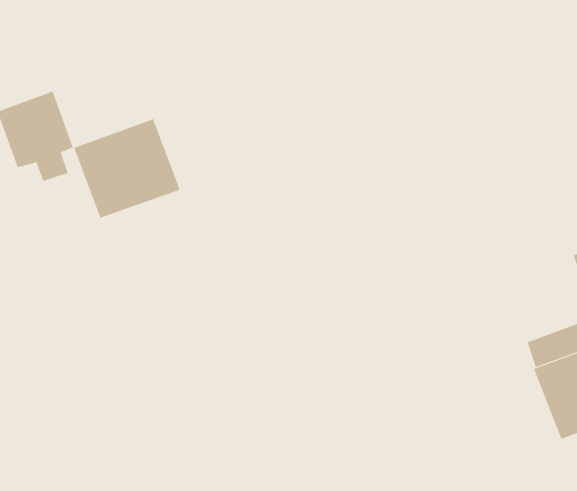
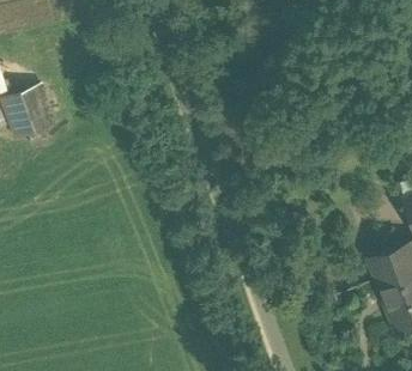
building: [74,118,179,218] -> none

